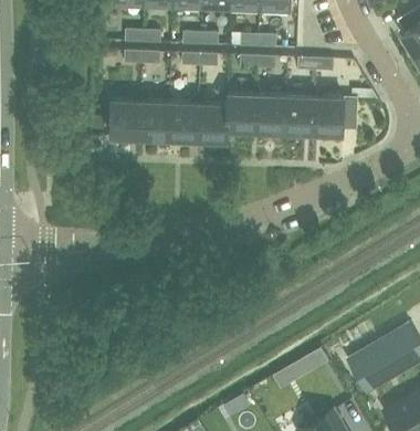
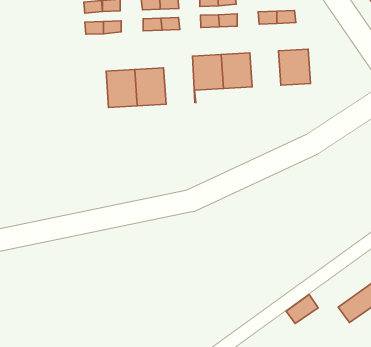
building: [197,94,228,141] -> none
building: [284,97,314,133] -> none
building: [109,101,140,138] -> none

